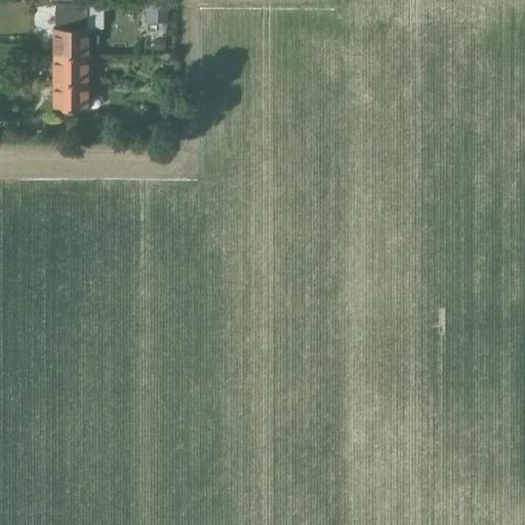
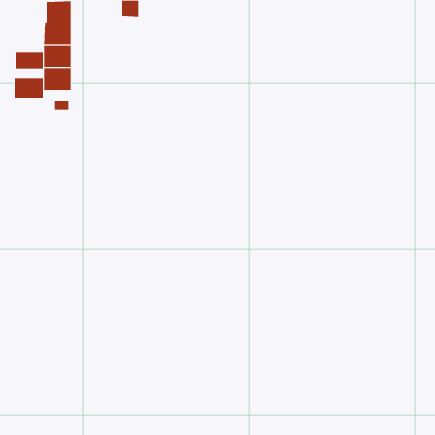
building: none -> [15,51,44,69]
building: none -> [15,78,44,99]

